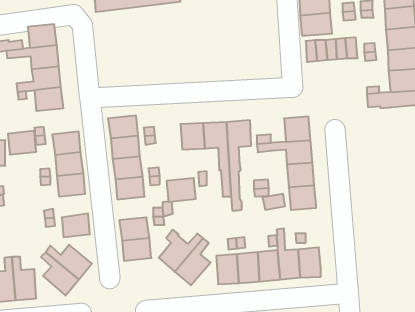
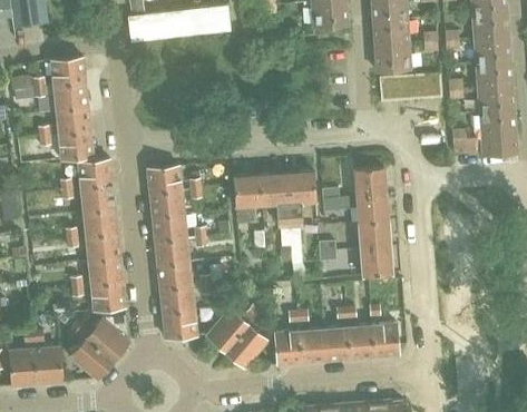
building: [8,131,36,155] -> [78,160,111,188]
building: [167,178,196,202] -> [157,262,192,290]
building: none -> [88,258,123,286]

